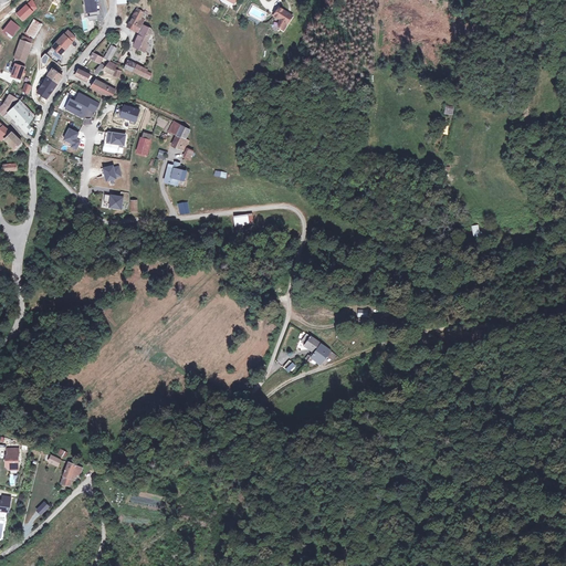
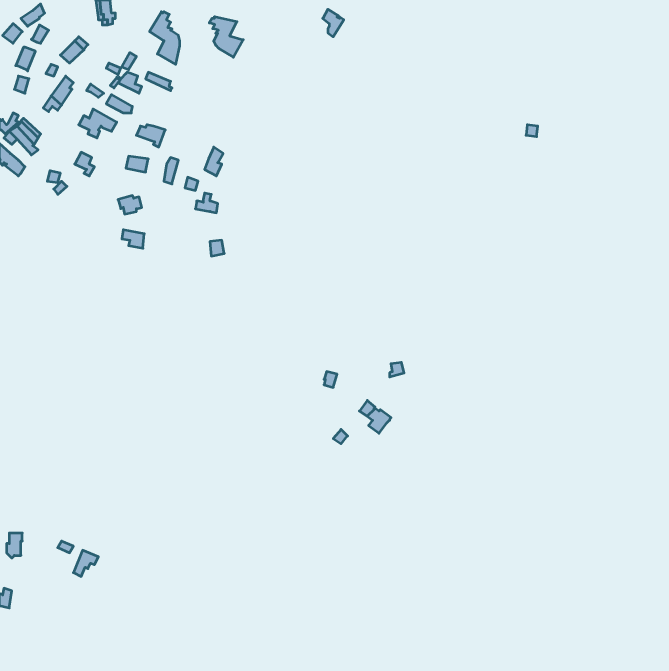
building: none -> [209,17,243,57]

